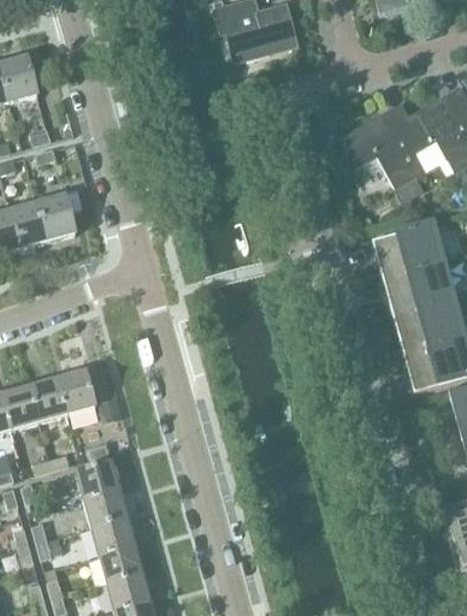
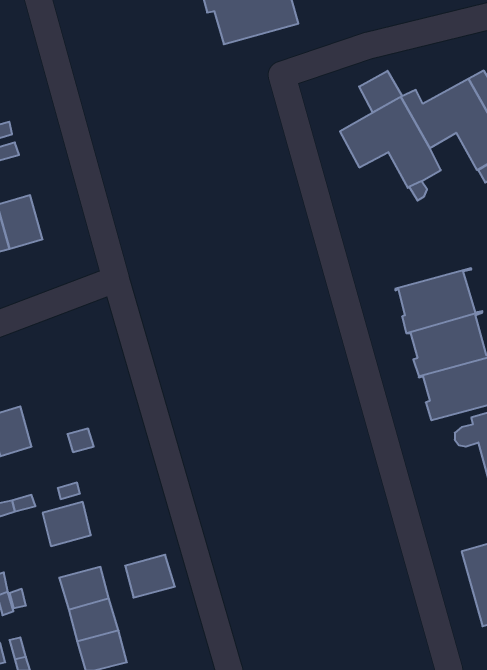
building: none -> [359,71,402,113]
building: [372,221,449,276] -> none
building: [57,371,95,413] -> none
building: [83,490,126,527] -> [125,555,175,598]

